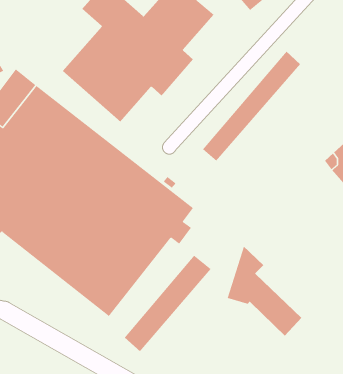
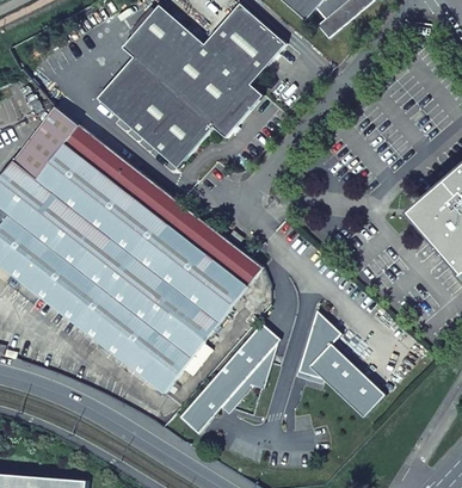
building: none -> [97,37,154,109]
building: [202,51,301,162] -> none

